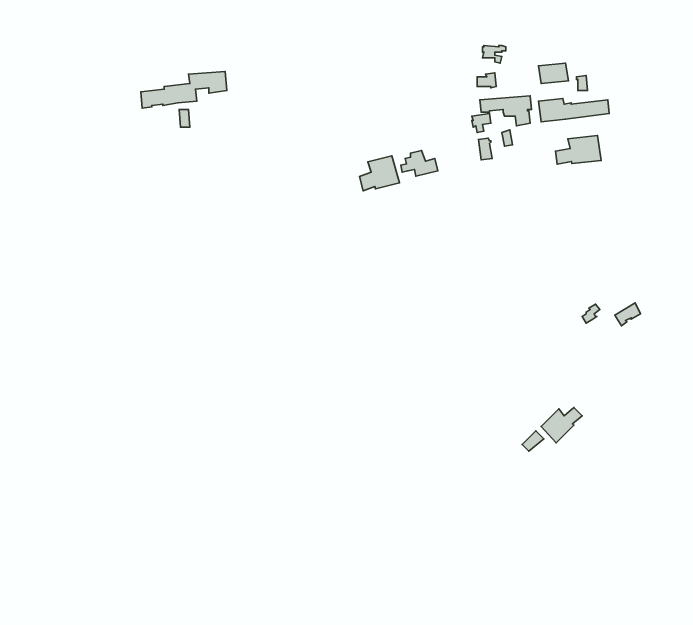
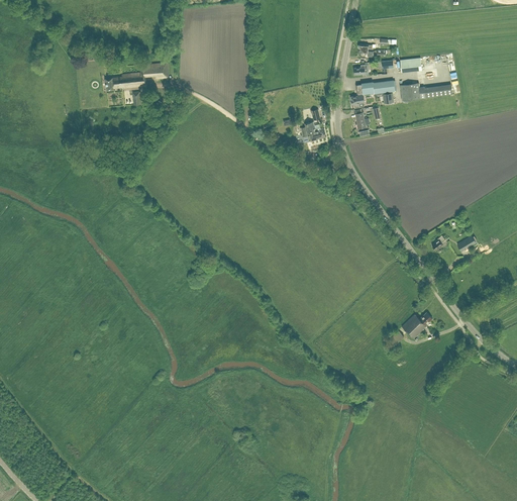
building: [556,136,601,164] -> none
building: [360,156,400,191] -> none

